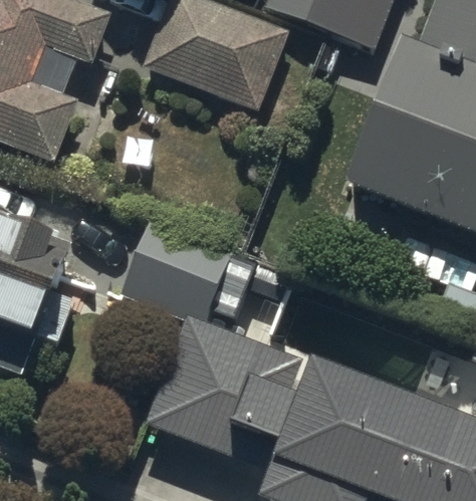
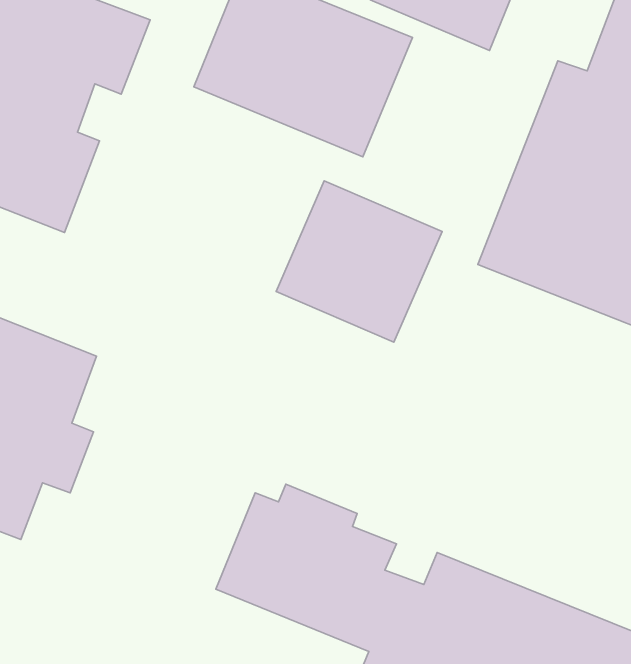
building: [120,216,234,327] -> [276,181,442,342]

